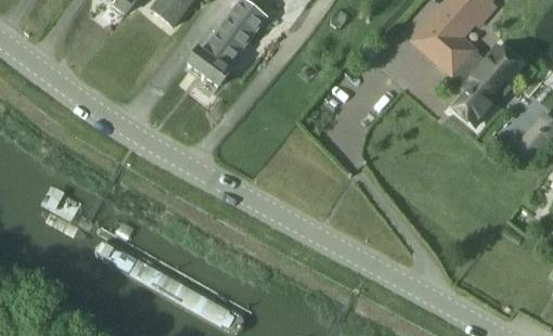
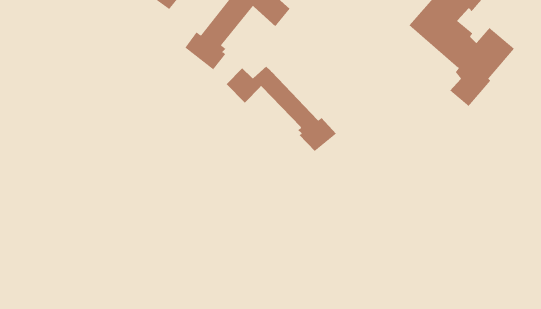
building: none -> [226,66,337,152]

